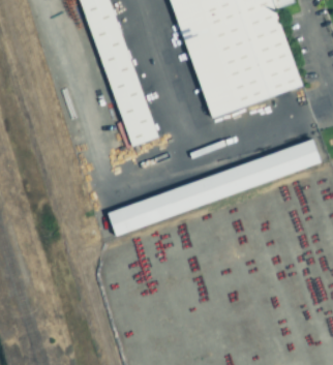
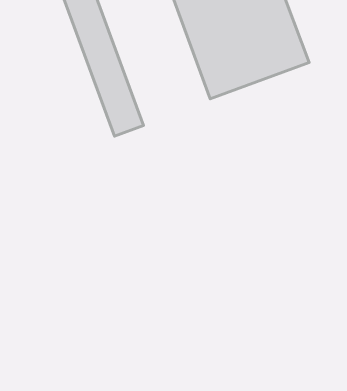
building: [105,138,320,237] -> none

